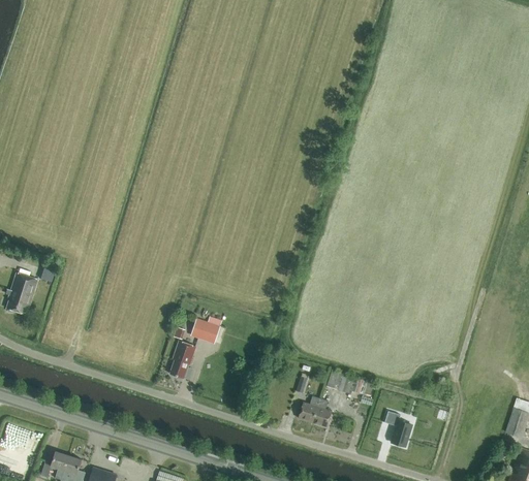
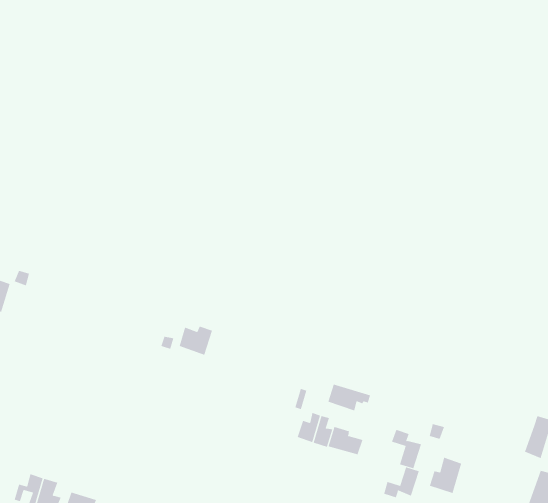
building: [169,341,195,380] -> none
building: none -> [328,426,363,455]
building: none -> [429,457,462,494]
building: none -> [384,467,419,498]

